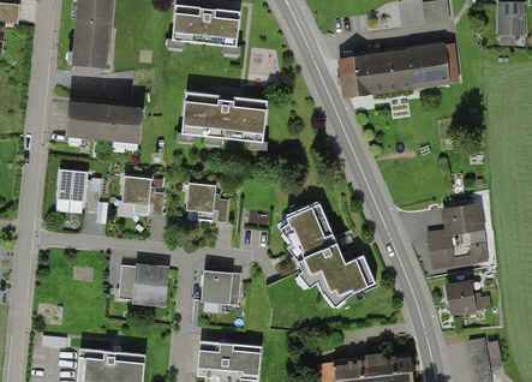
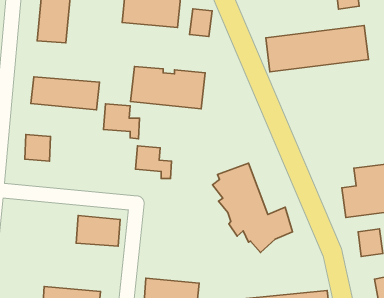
building: none -> [189,9,212,36]
building: [121,177,163,217] -> [104,104,139,139]
building: [203,271,240,312] -> none

